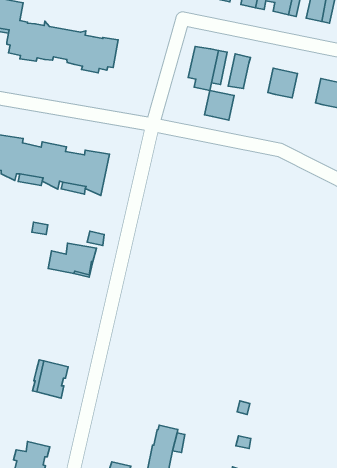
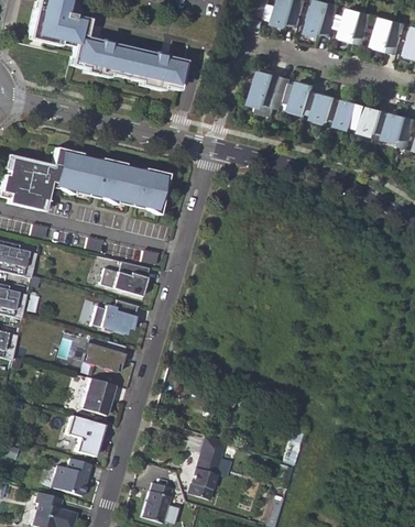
building: none -> [356,103,385,134]
building: [205,90,234,120] -> [307,90,338,121]
building: none -> [91,299,138,332]
building: none -> [84,340,127,372]
building: none -> [66,415,103,457]

